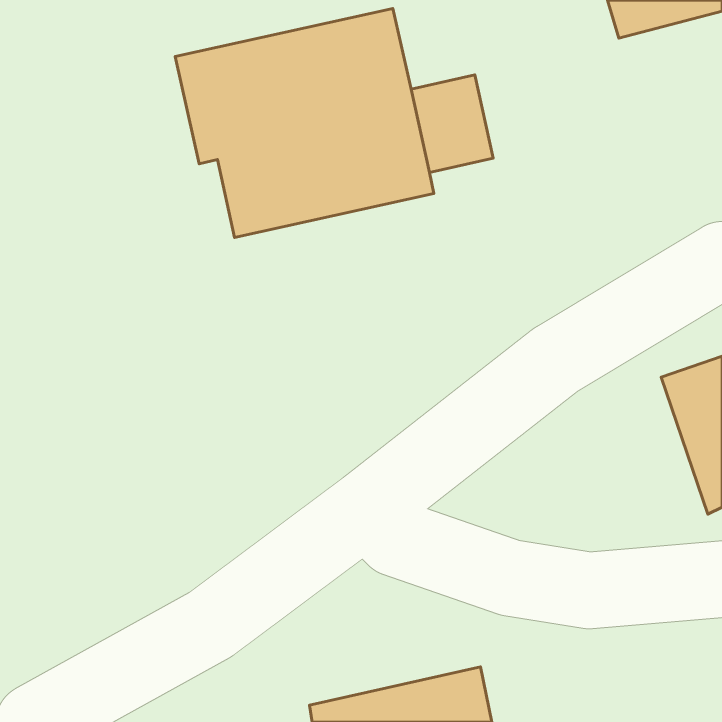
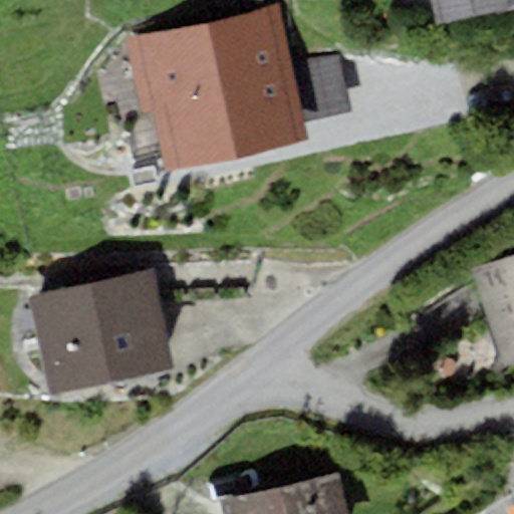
building: none -> [28,271,173,396]

